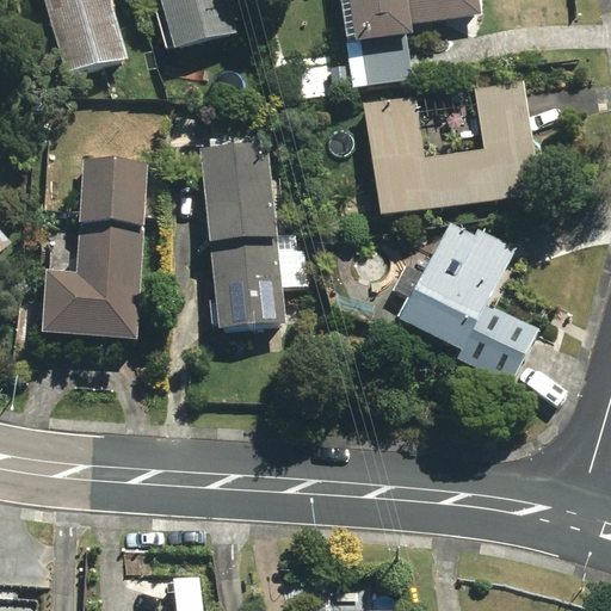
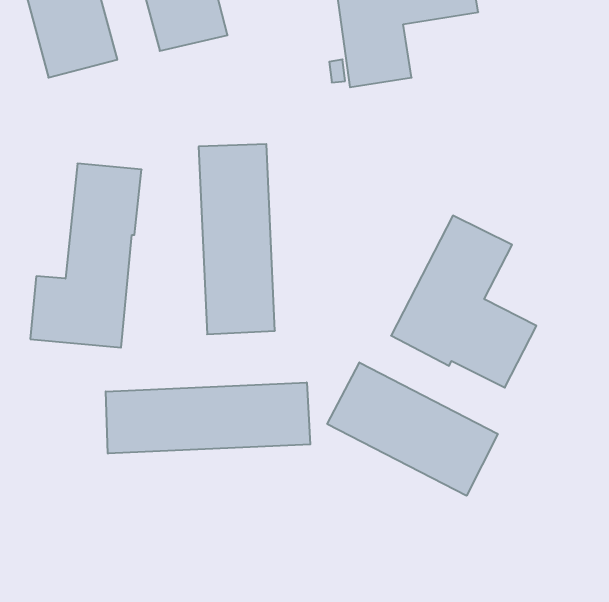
building: [362,74,537,215] -> none
building: none -> [327,362,498,496]
building: none -> [106,382,310,454]

